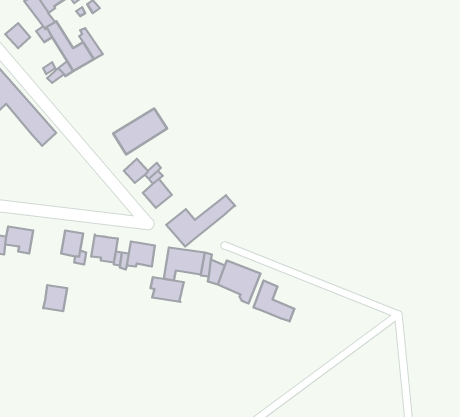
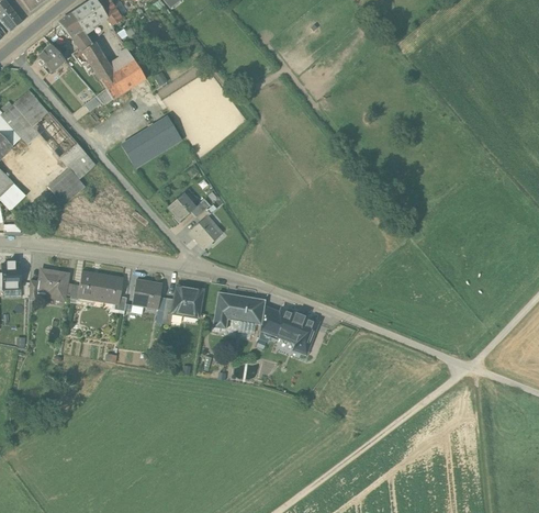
building: [113,108,167,154] -> [121,118,180,168]
building: none -> [47,168,83,204]
building: [166,195,235,247] -> none
building: [151,277,184,302] -> none
building: [254,281,295,322] -> none
building: [43,285,67,311] -> [77,270,103,299]

